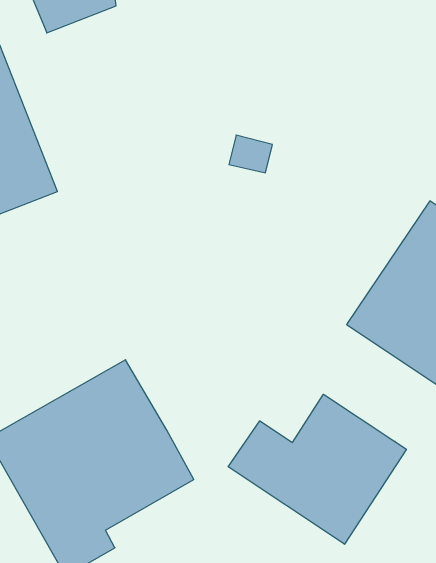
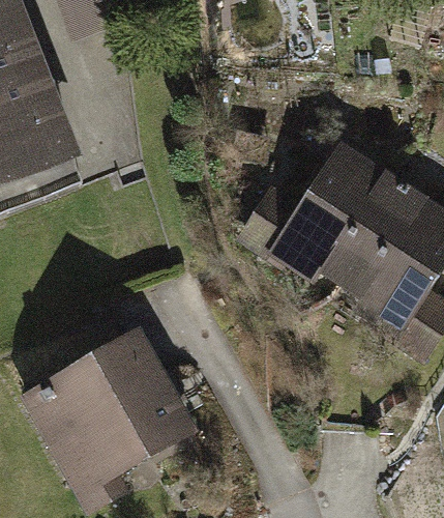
building: none -> [242,138,408,291]
building: [228,394,406,544] -> none

